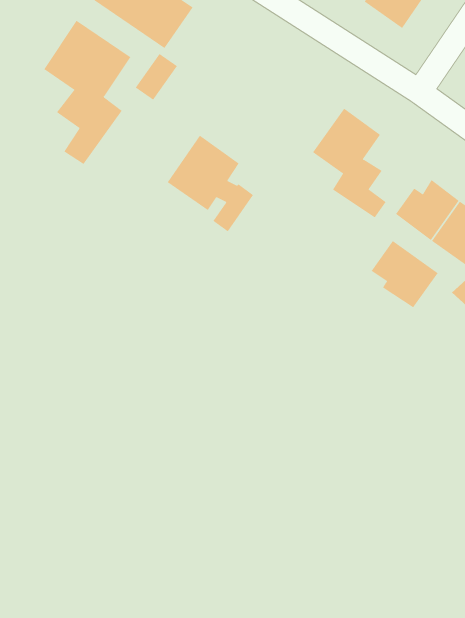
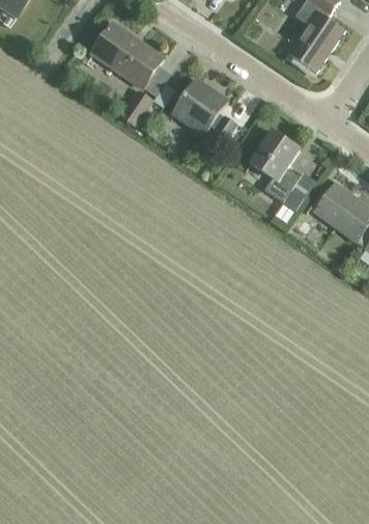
building: [44,20,131,165] -> none
building: [167,135,254,232] -> [173,79,236,149]
building: [371,240,439,308] -> none

